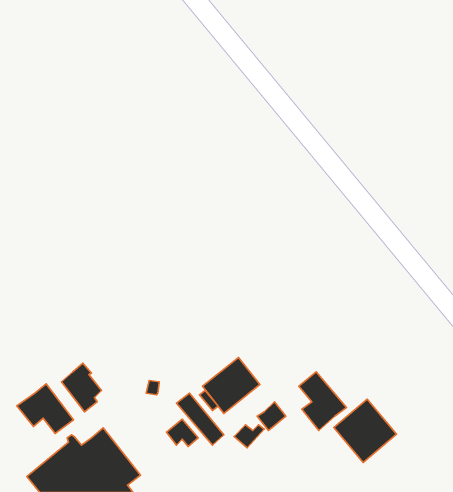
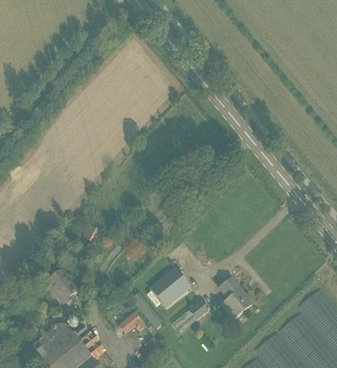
building: [17,384,73,434] -> none
building: [334,399,396,462] -> none

